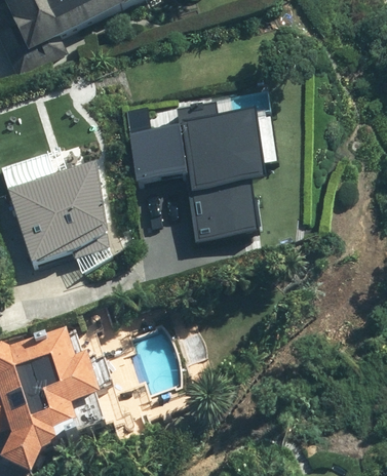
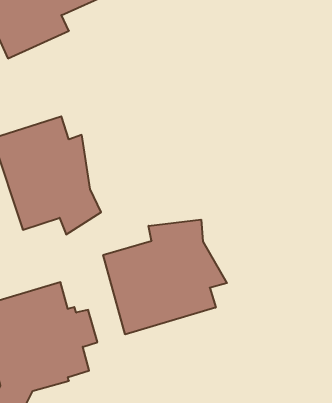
building: [127,97,274,237] -> none
building: none -> [103,220,227,334]

